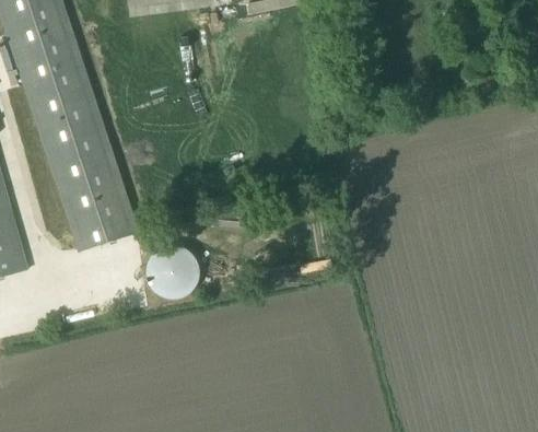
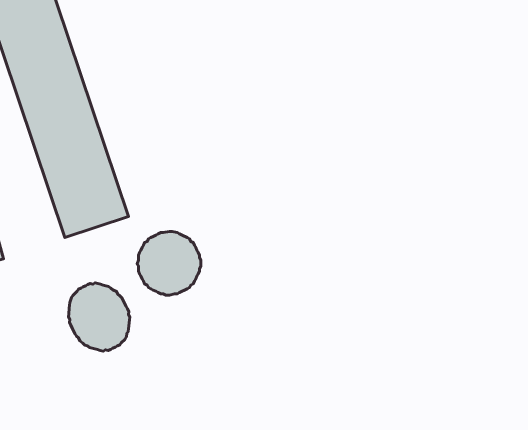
building: none -> [68,283,130,351]

